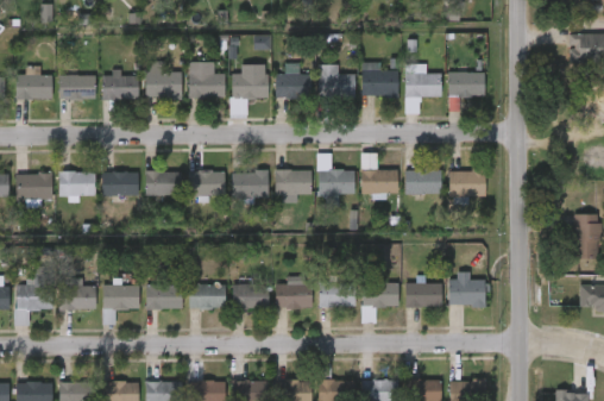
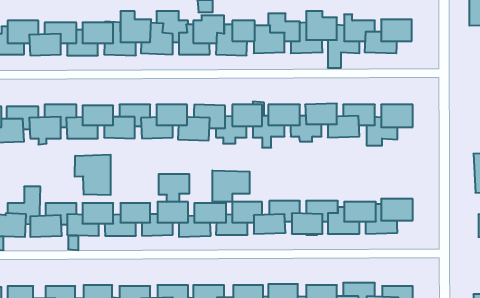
building: none -> [75,155,111,195]
building: none -> [212,170,250,202]
building: none -> [159,174,189,202]

